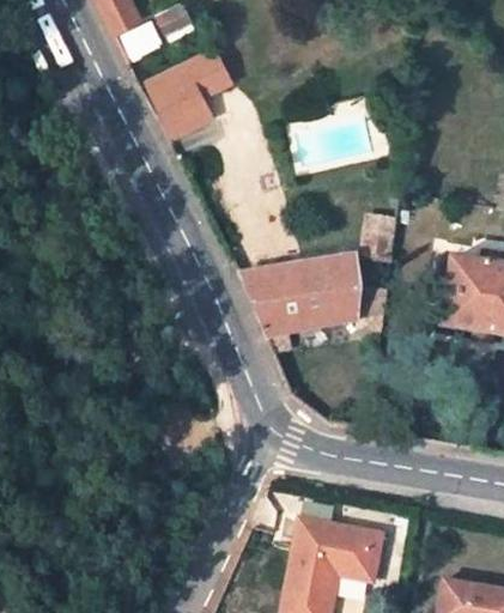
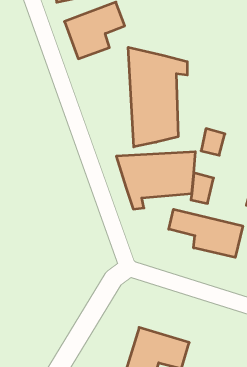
building: none -> [128,47,187,147]
building: none -> [169,209,243,257]

